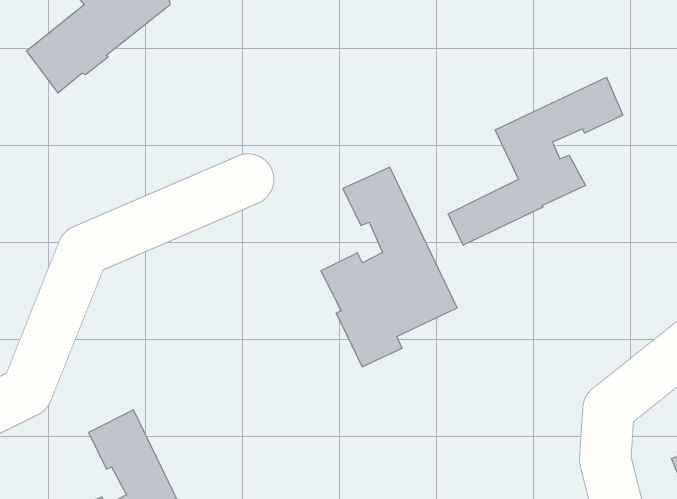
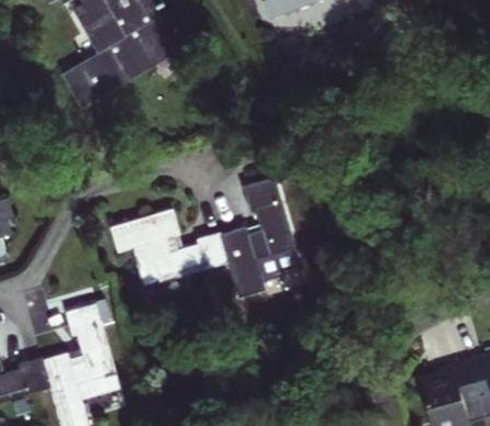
building: [448,77,623,245] -> none
building: none -> [110,210,231,289]

